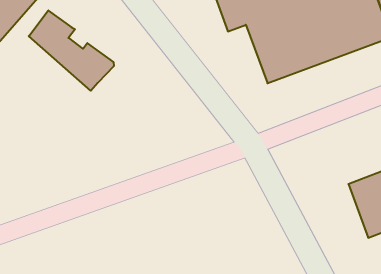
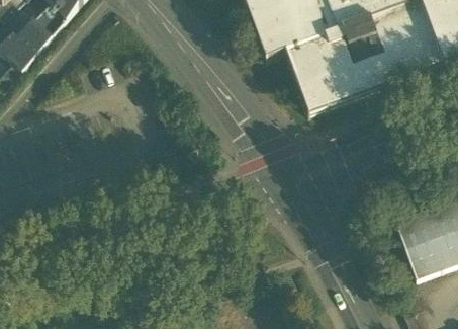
building: [29,10,114,91] -> none

